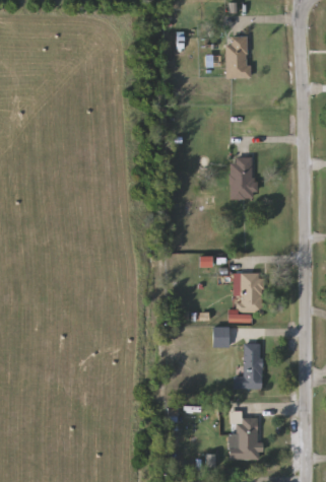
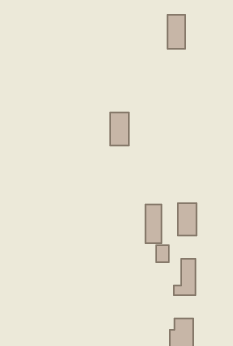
building: [230,157,253,199] -> [110,113,129,146]
building: none -> [145,205,162,243]

